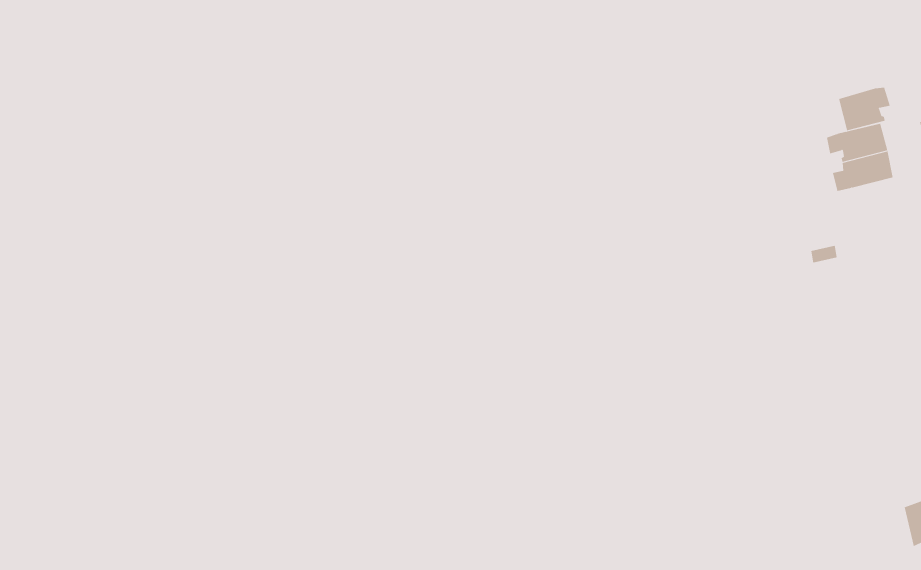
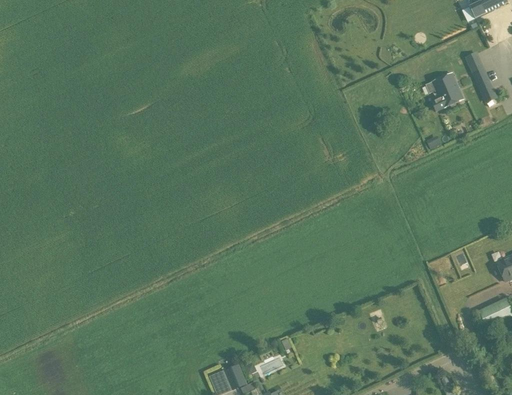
building: [838,87,890,131] -> none

